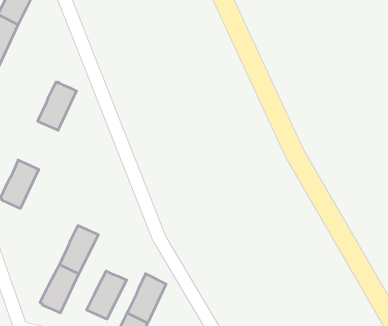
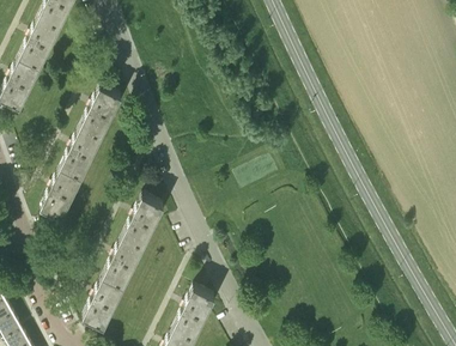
building: none -> [60,128,102,178]
building: [87,271,127,319] -> [122,196,164,247]

